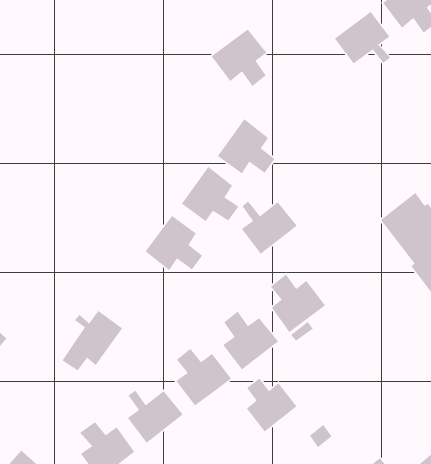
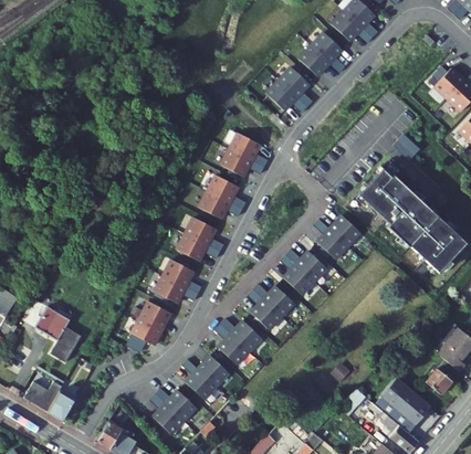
building: [211,28,268,87] -> [266,67,313,113]
building: [241,201,298,255] -> [315,215,362,260]
building: none -> [156,260,202,304]
building: [246,378,297,433] -> none

